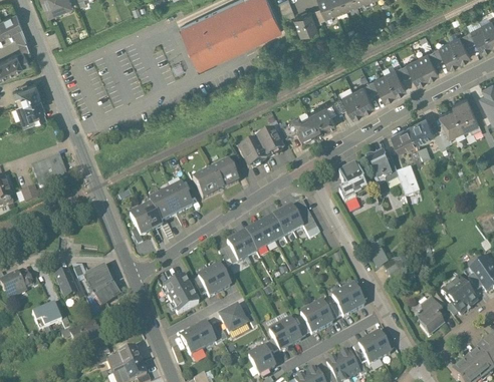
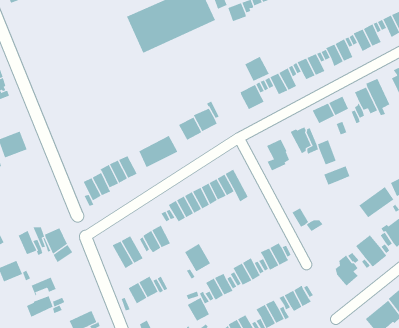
building: [292,115,321,144] -> [244,56,270,82]
building: none -> [324,165,350,185]
building: none -> [358,186,394,218]
building: [221,305,251,338] -> [184,243,211,272]
building: [109,348,141,373] -> [26,295,54,317]

